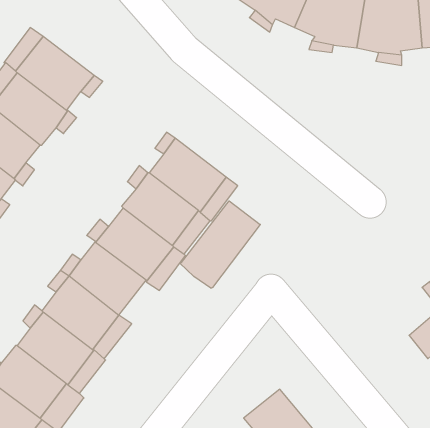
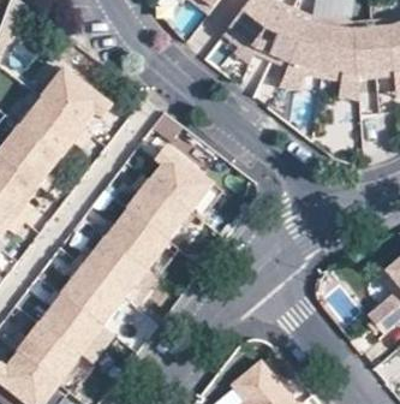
building: [180,201,260,288] -> none

